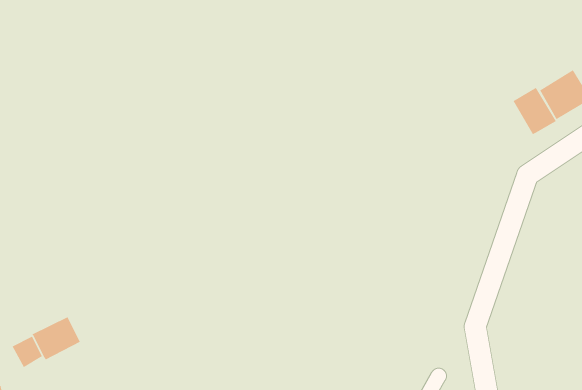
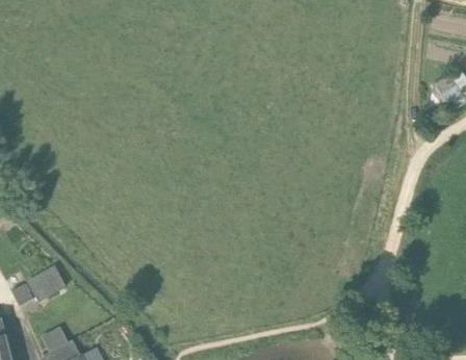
building: [513,87,557,135] -> none

